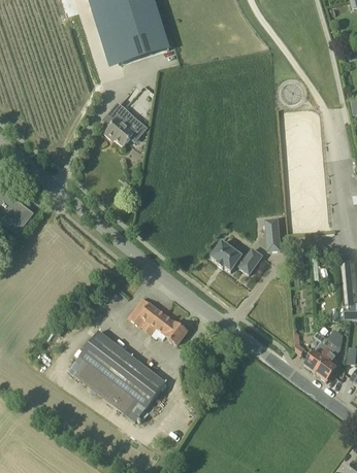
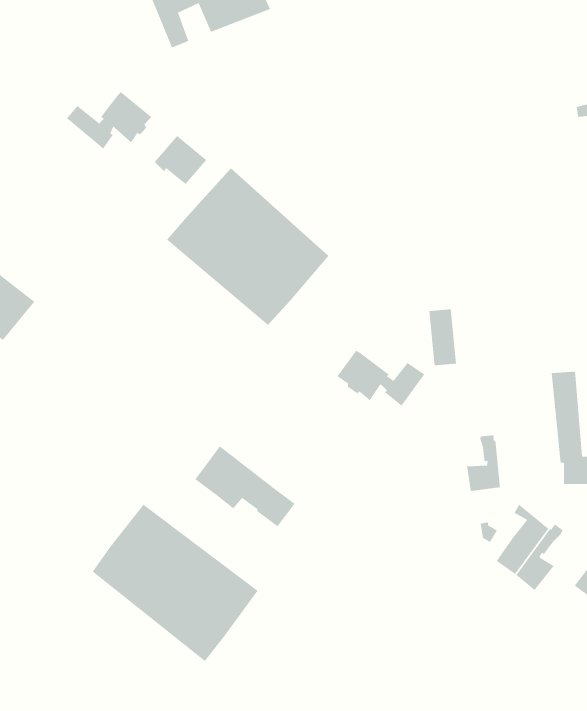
building: none -> [66,91,152,150]
building: none -> [166,167,329,326]
building: none -> [467,434,501,492]

